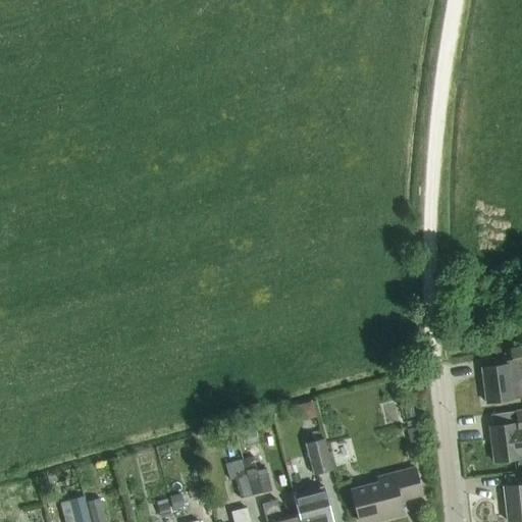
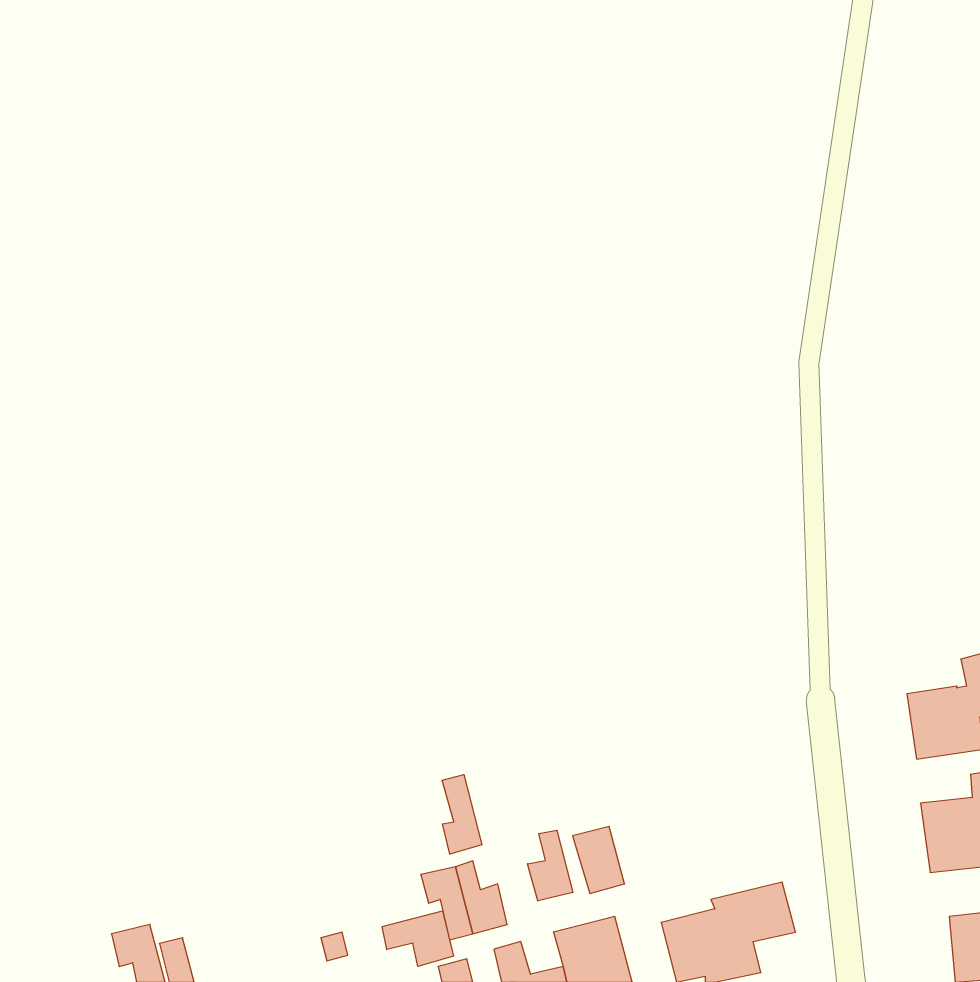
building: none -> [442,775,482,854]
building: none -> [528,830,573,901]
building: none -> [382,911,454,966]

